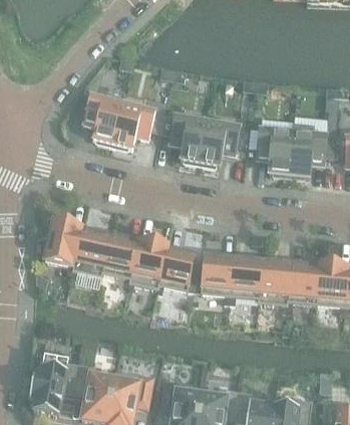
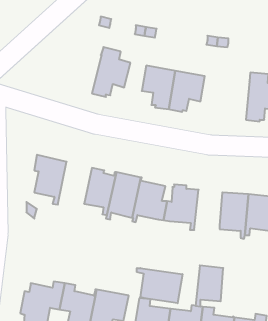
building: [83,91,122,144] -> none
building: [257,127,292,174] -> none
building: [71,222,111,276] -> none
building: [229,254,261,301] -> [195,265,223,307]
building: none -> [137,268,182,303]

